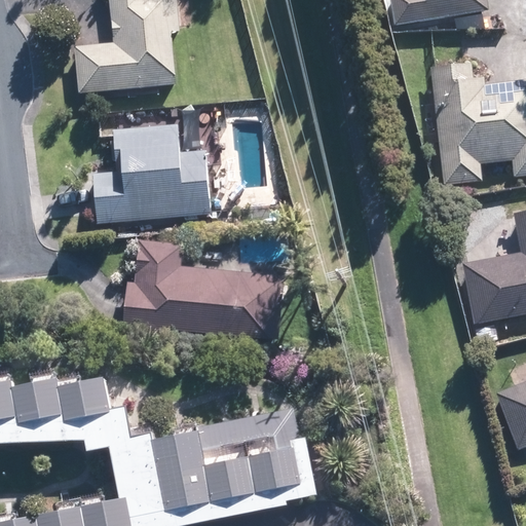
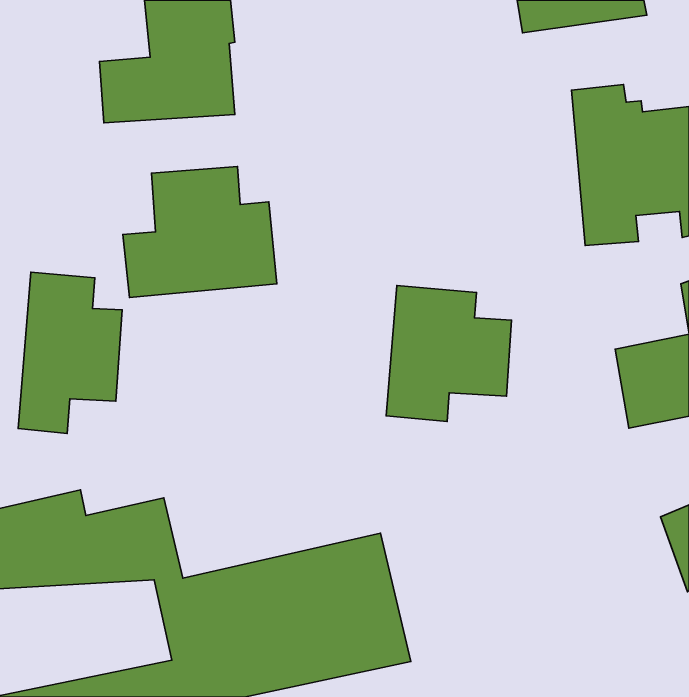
building: none -> [18,272,122,434]
building: none -> [386,286,512,422]
building: [121,240,280,338] -> none

